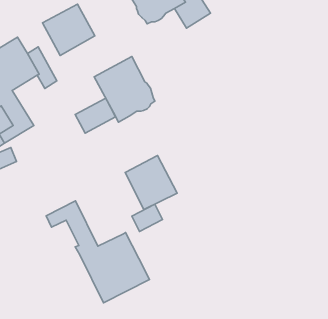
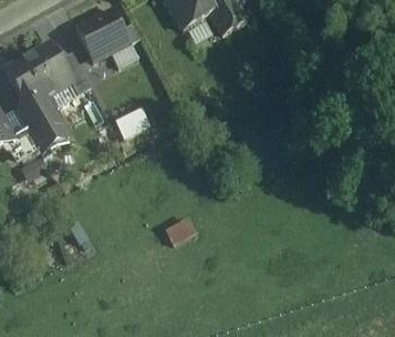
building: [94,57,155,122] -> none
building: [125,155,177,210] -> none
building: [46,201,150,303] -> none

